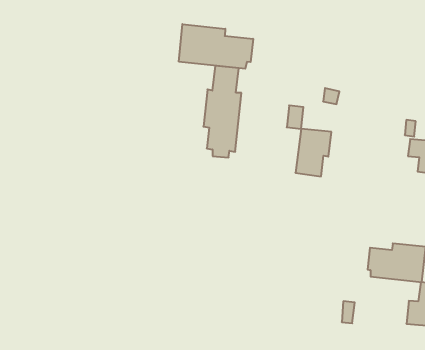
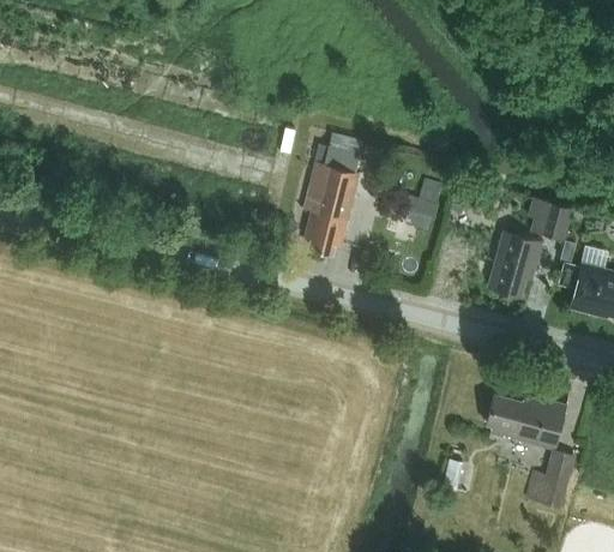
building: [179,24,253,69] -> none
building: none -> [525,198,570,239]
building: [295,129,331,176] -> [488,232,542,296]

